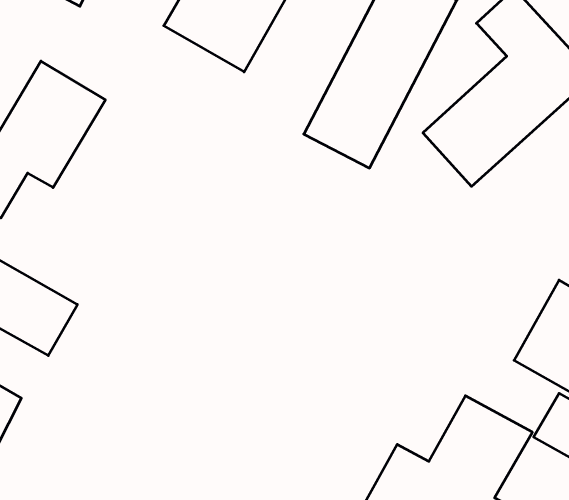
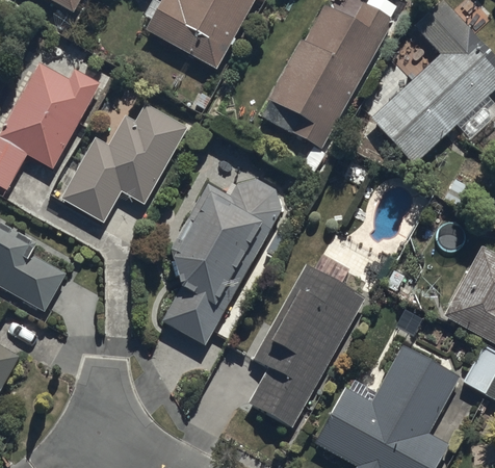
building: none -> [61,103,188,223]
building: none -> [161,179,282,345]
building: none -> [249,262,365,430]

